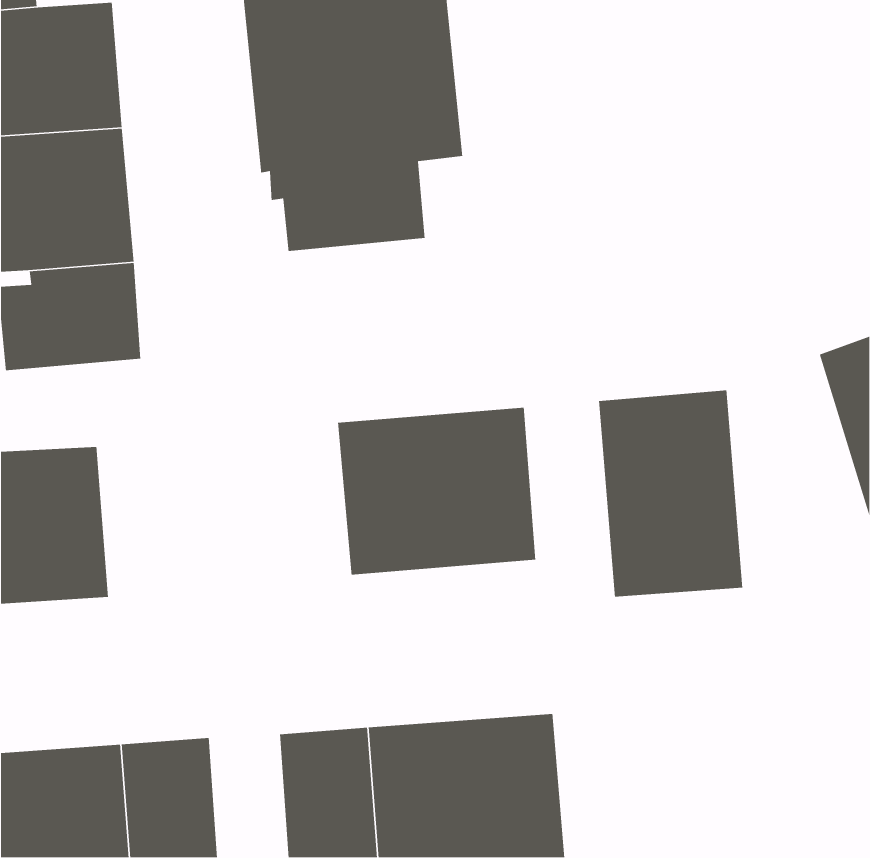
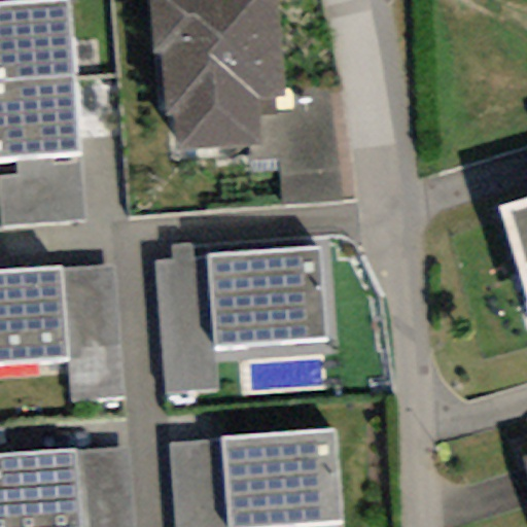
building: [598,389,743,598] -> none
building: none -> [150,242,215,392]
building: none -> [59,265,122,400]

